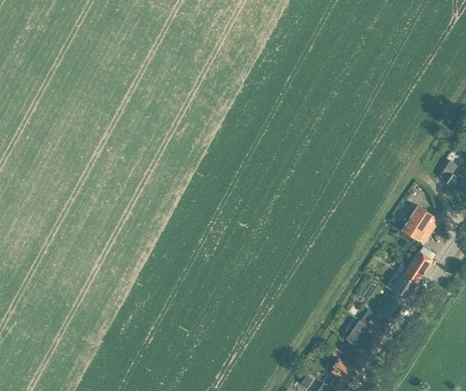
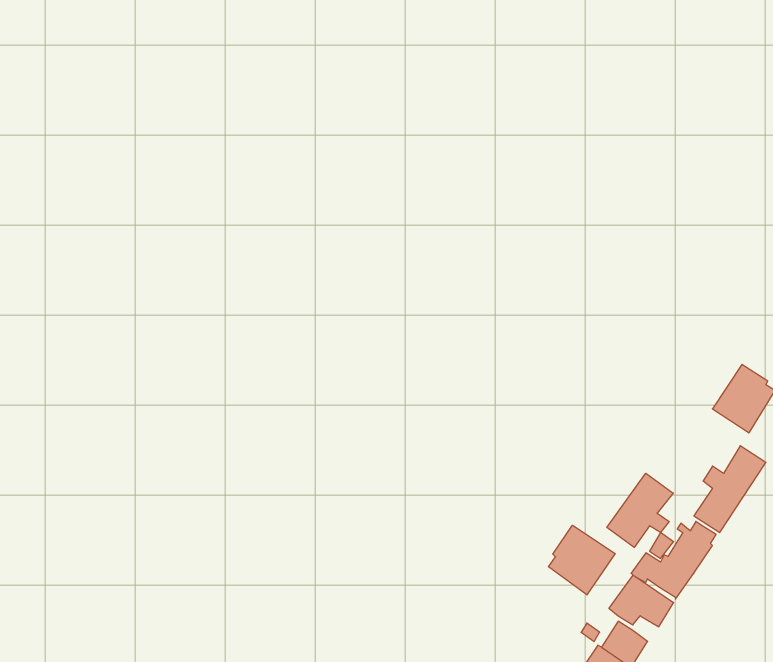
building: none -> [607,473,673,547]
building: none -> [548,525,615,595]

